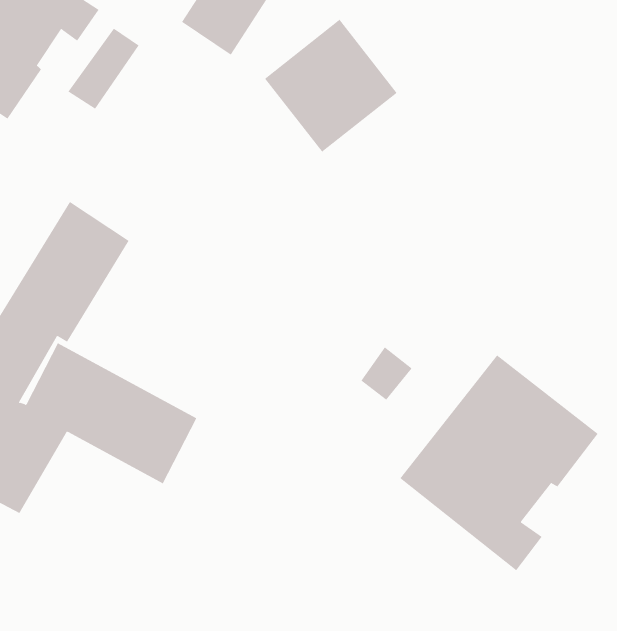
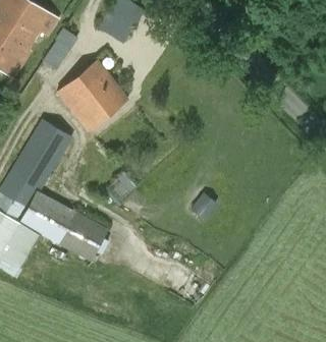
building: [264,19,398,152] -> [58,61,126,129]
building: [400,354,599,571] -> none

